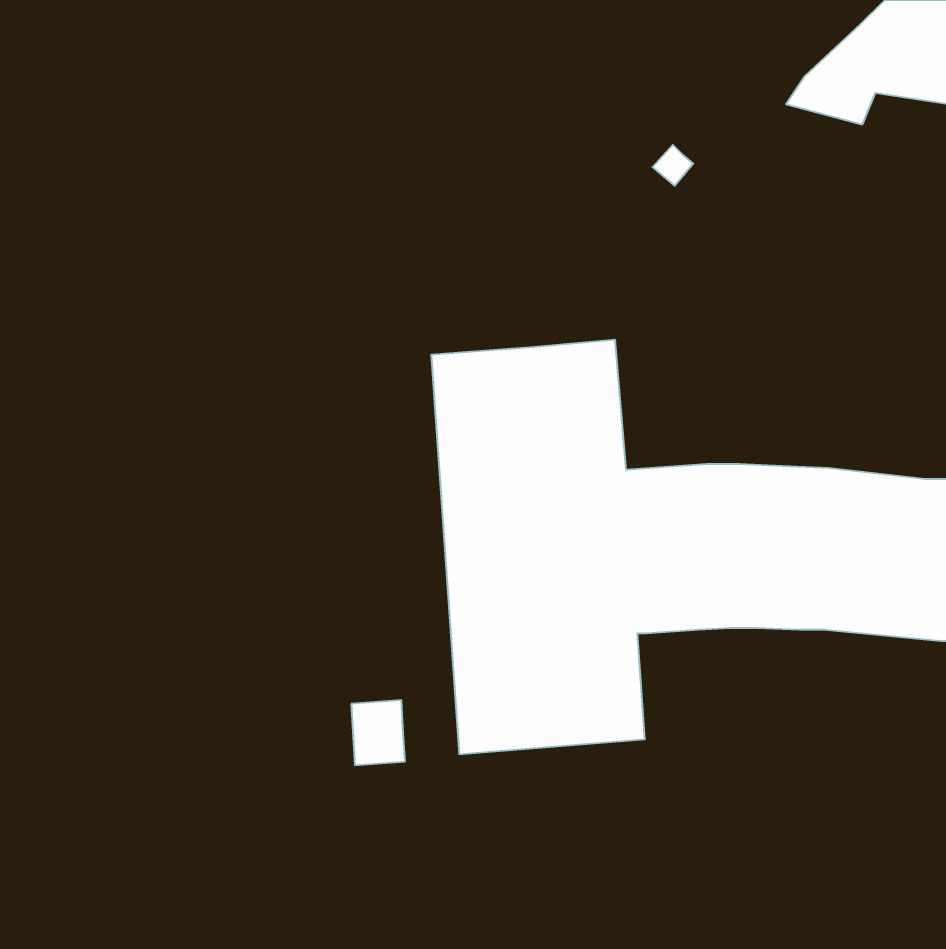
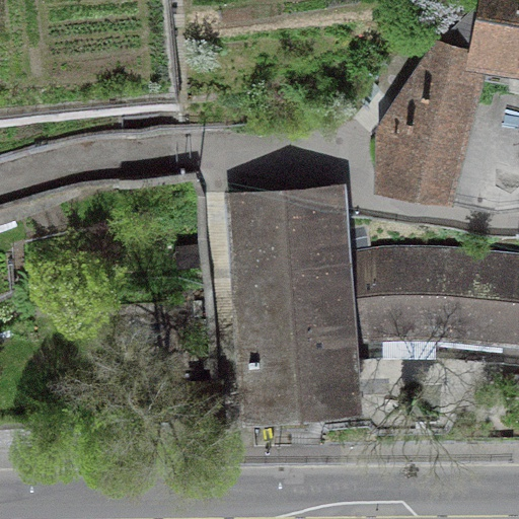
building: none -> [382,57,472,200]

